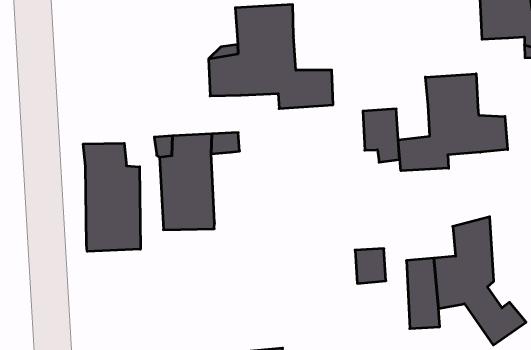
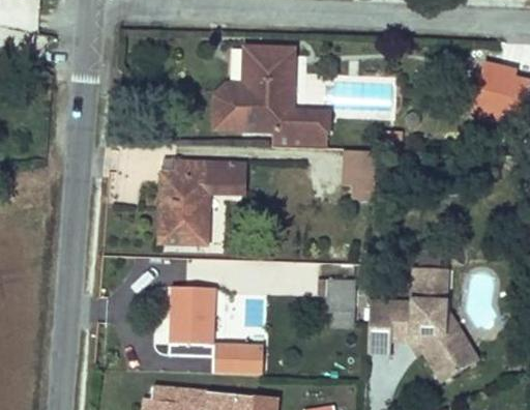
building: [398,74,508,171] -> none
building: [83,143,140,251] -> none
building: none -> [169,284,215,343]

